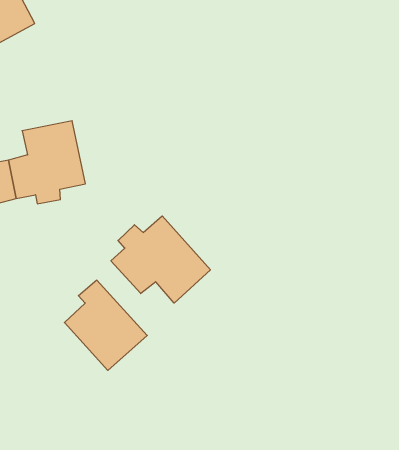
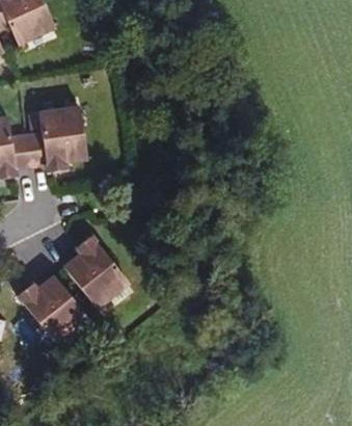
building: [111,216,210,303] -> none
building: none -> [15,276,85,343]

